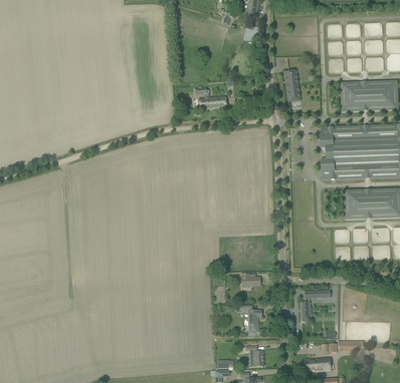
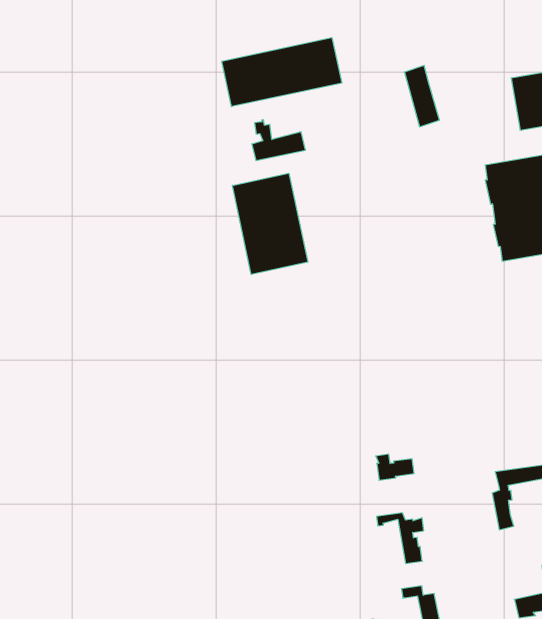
building: none -> [222,38,342,107]
building: none -> [232,173,308,274]

